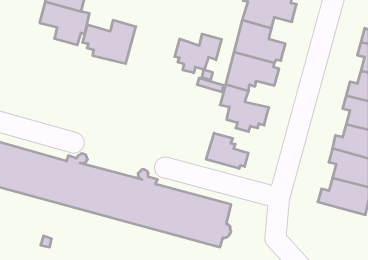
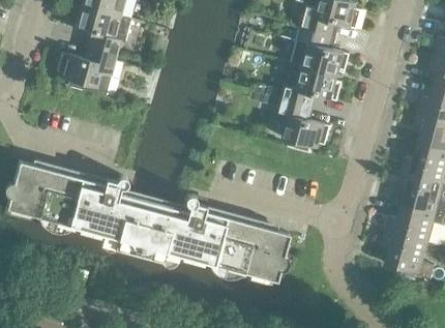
building: [82,20,136,64] -> [56,49,116,97]
building: [175,34,222,73] -> none
building: [206,133,248,169] -> none
building: none -> [382,232,435,280]

